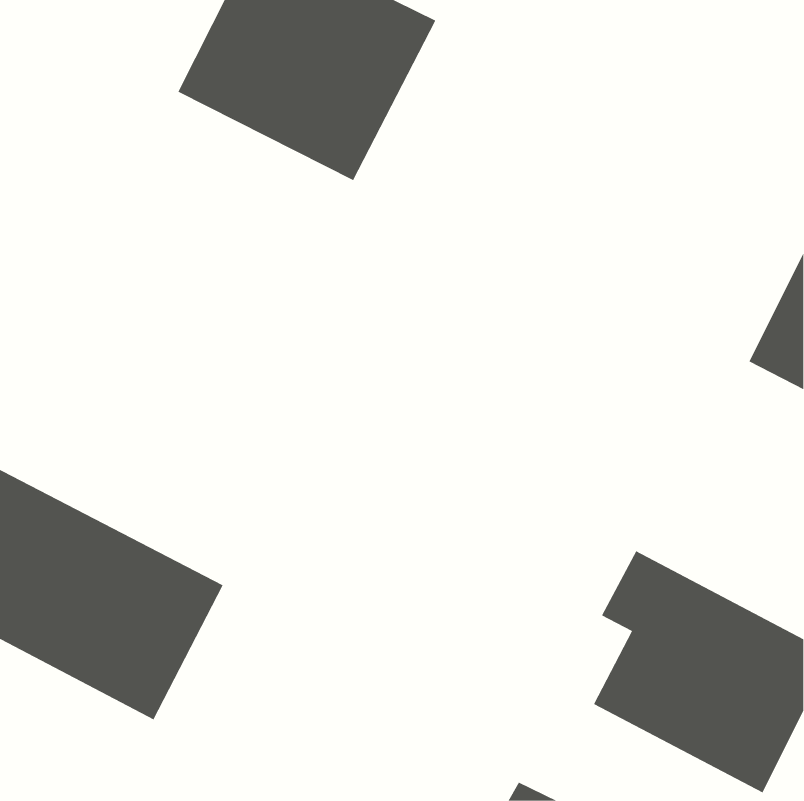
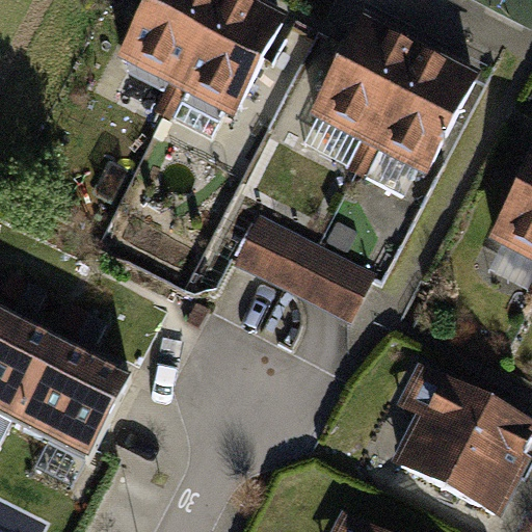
building: none -> [314,23,474,178]
building: none -> [231,210,373,318]

